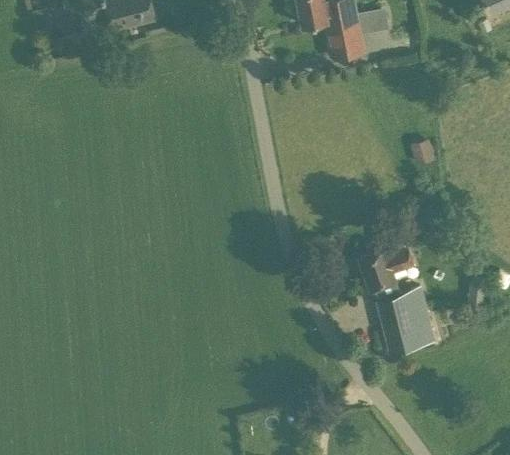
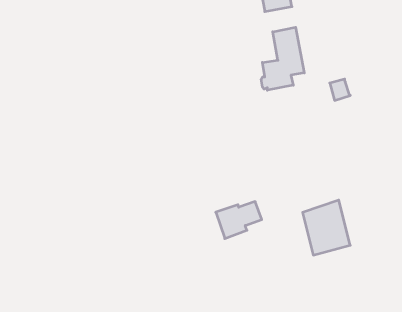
building: none -> [261,27,304,90]
building: [359,245,415,290] -> [216,202,262,239]

